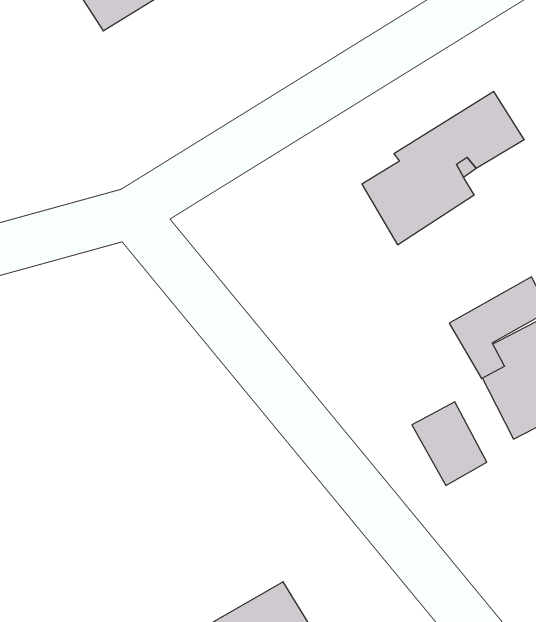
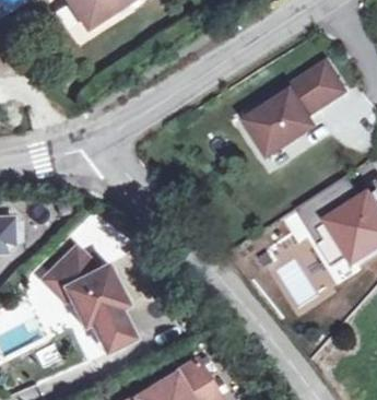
building: none -> [36,239,144,355]

